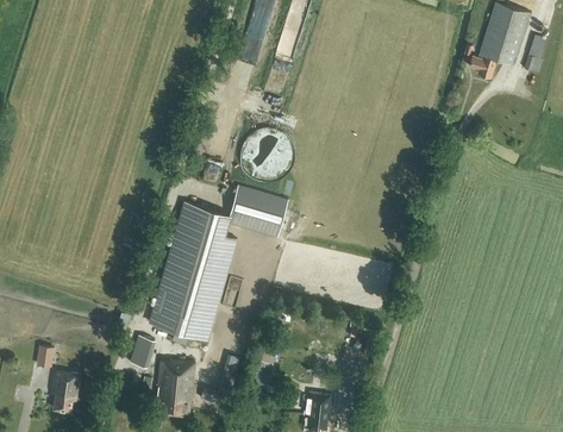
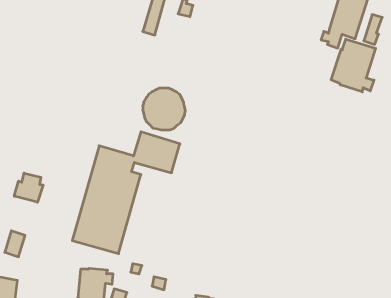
building: none -> [331,39,376,92]
building: none -> [14,173,43,202]
building: [129,333,155,367] -> [5,231,25,257]

